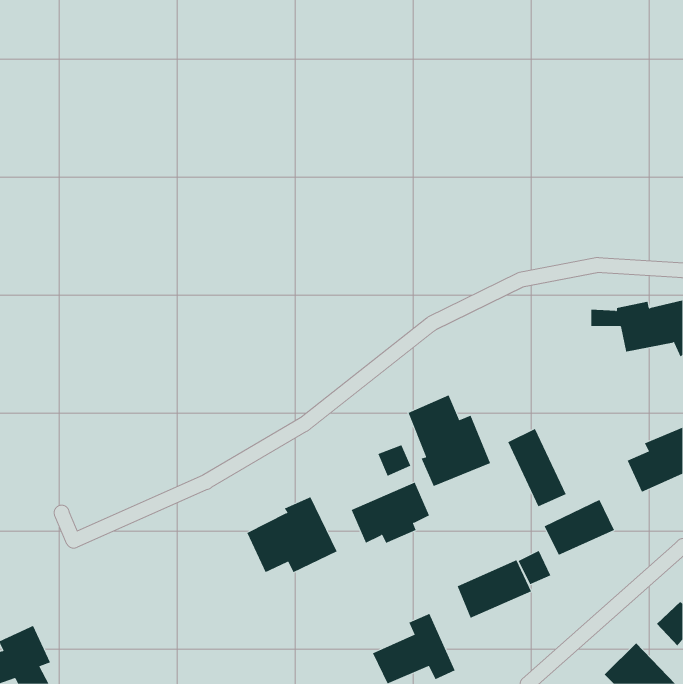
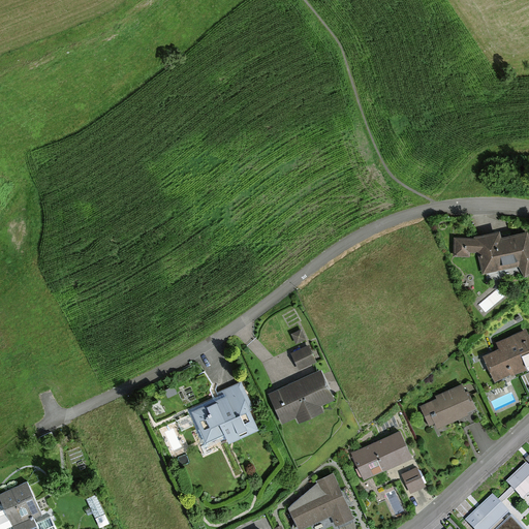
building: [408,395,491,487] -> none
building: [507,428,567,507] -> none
building: [518,550,551,585] -> [401,465,427,492]

